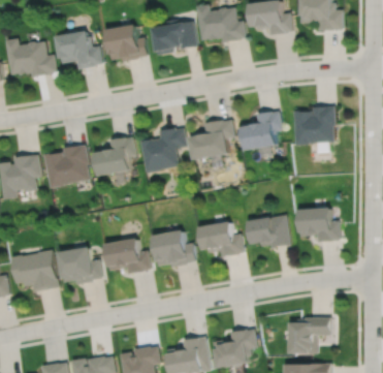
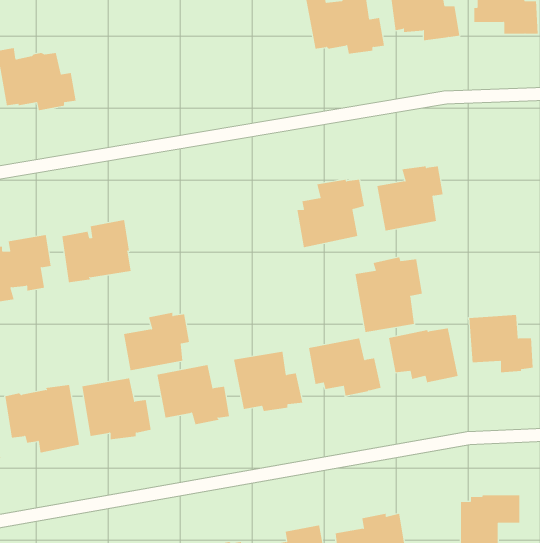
building: [154,21,197,57] -> none
building: [106,27,148,63] -> none
building: [57,31,102,71] -> none
building: [294,108,337,147] -> none
building: [141,129,187,173] -> none
building: [95,138,136,175] -> [123,312,190,371]
building: none -> [355,257,423,333]

